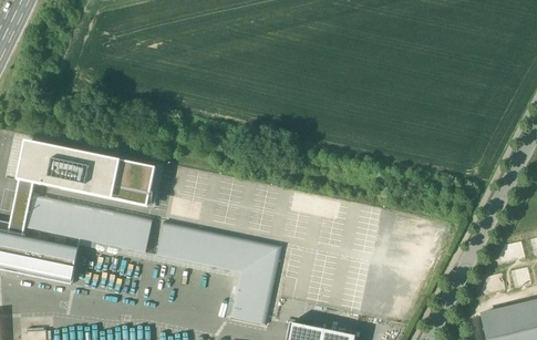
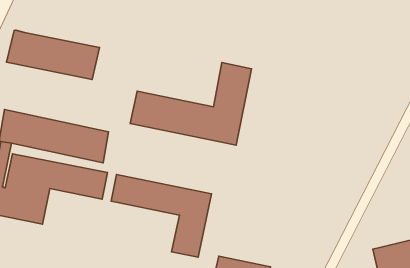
building: none -> [7,30,100,80]
building: none -> [130,63,252,145]

